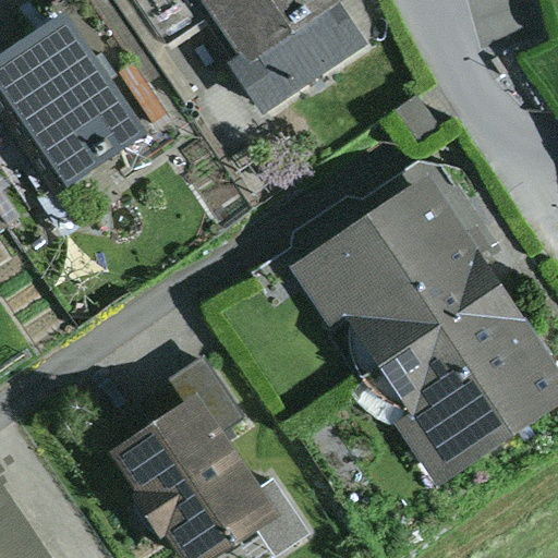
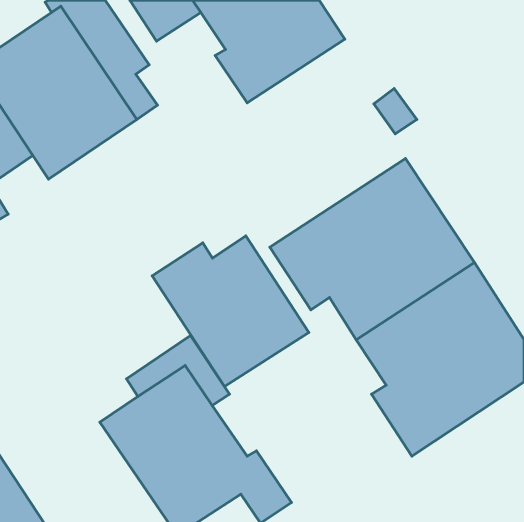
building: none -> [152,236,309,387]

